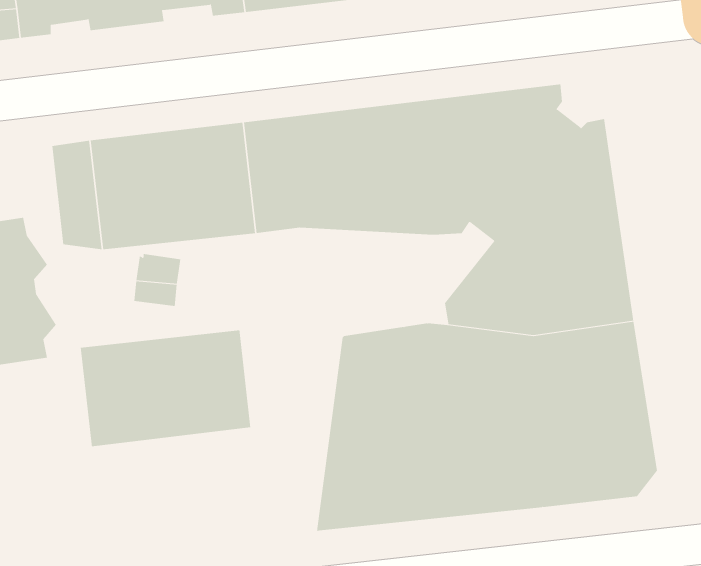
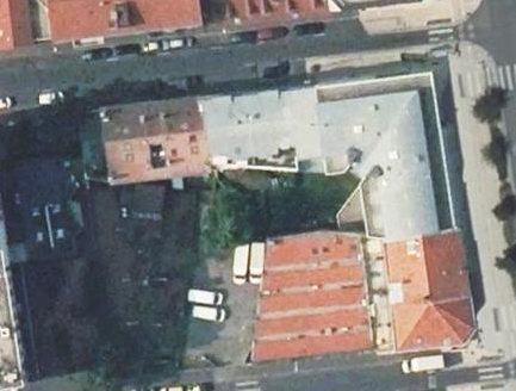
building: [80,329,251,447] -> none

